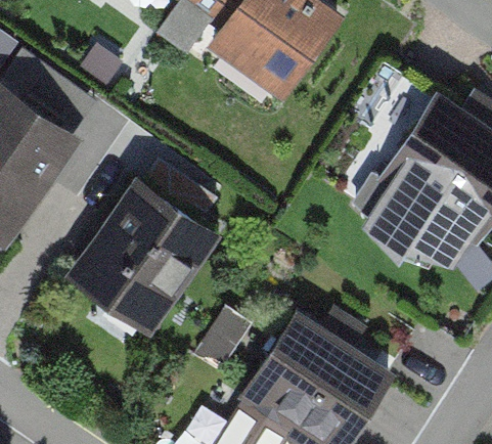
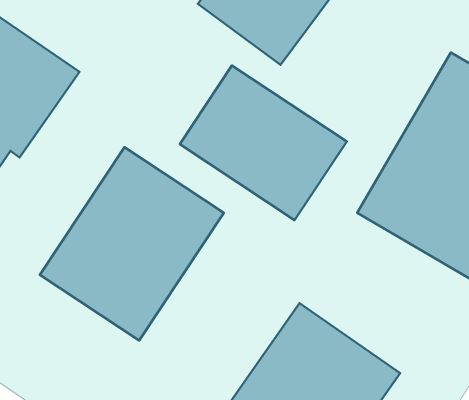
building: none -> [180,66,347,220]

